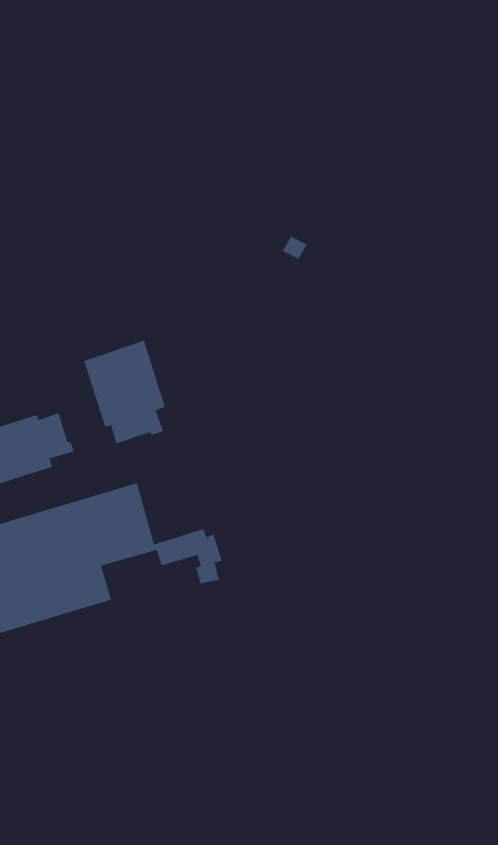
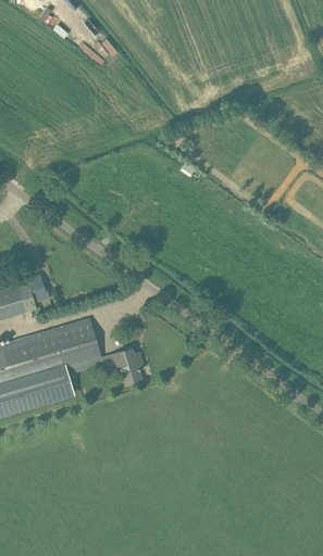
building: [83,340,166,444] -> none

